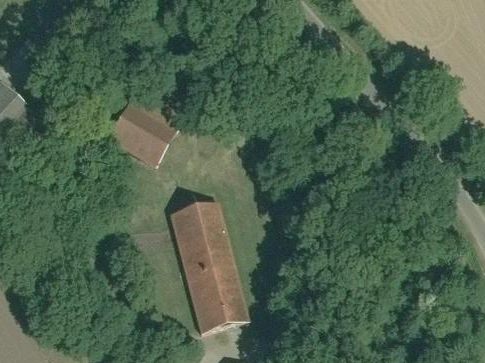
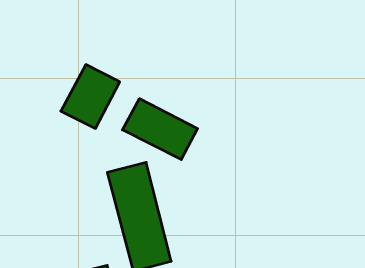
building: none -> [122,99,198,160]

